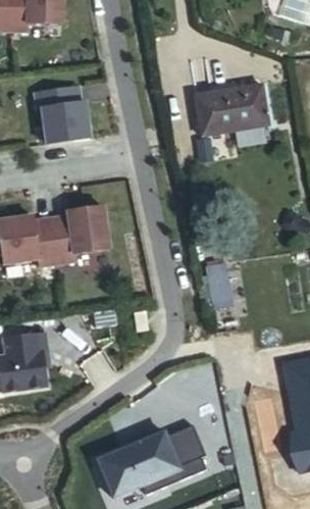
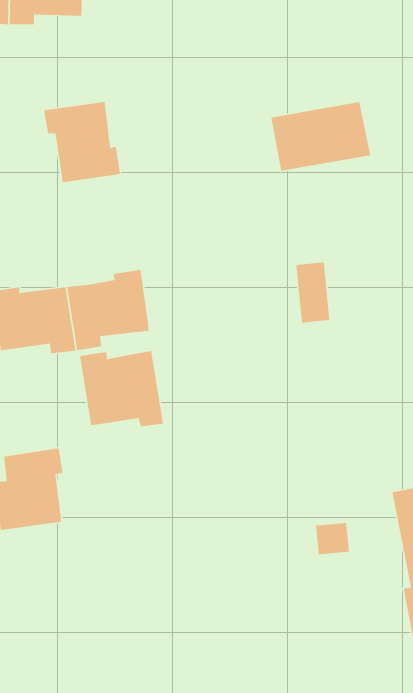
building: none -> [79,350,164,427]
building: [208,263,232,307] -> [296,262,330,323]
building: [100,421,209,493] -> none

